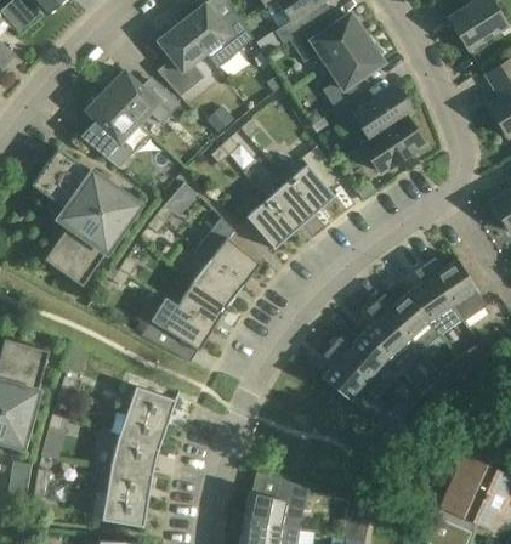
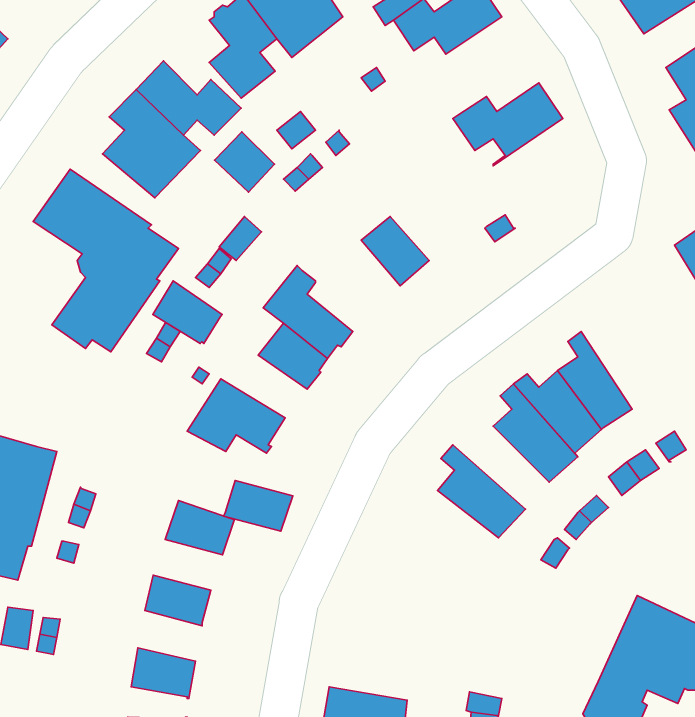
building: [323,39,385,109] -> none
building: [362,112,425,172] -> none
building: none -> [215,132,274,192]
building: [288,164,336,214] -> none
building: [246,199,295,250] -> none
building: [425,259,487,323] -> none
building: [178,282,228,327] -> [153,281,222,343]
building: [333,333,402,392] -> none
building: [118,414,168,450] -> [223,481,293,531]
building: [107,465,153,501] -> none
building: [244,472,310,529] -> none

